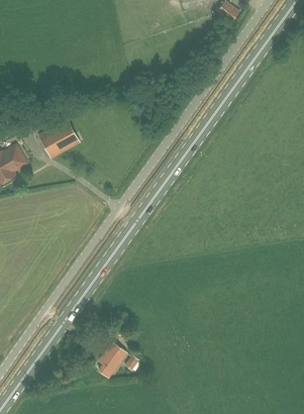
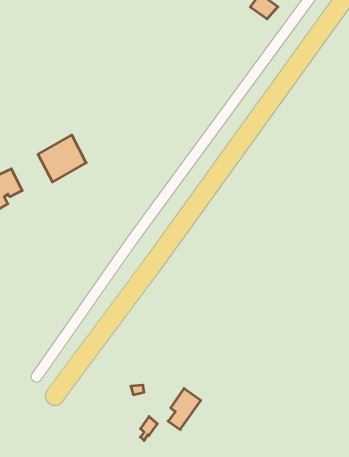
building: [99,342,126,377] -> [168,388,201,430]

